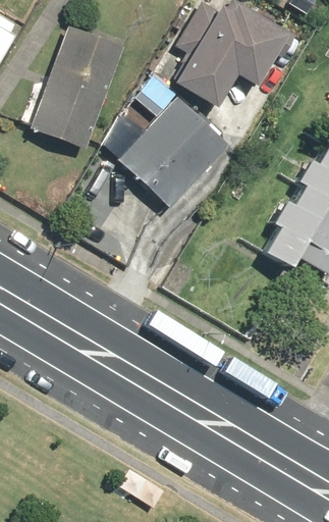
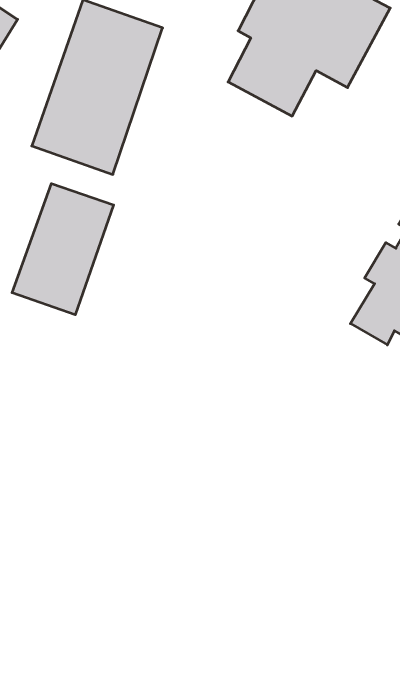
building: [117,95,231,209] -> none
building: none -> [12,184,114,315]

